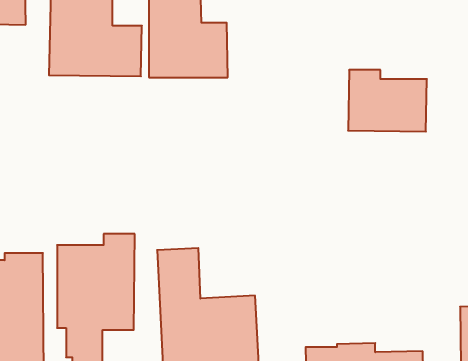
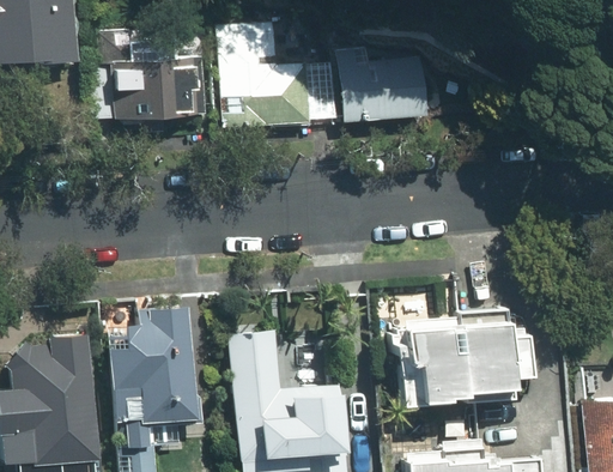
building: [348,70,427,132] -> [335,44,429,117]
building: none -> [395,308,539,410]

